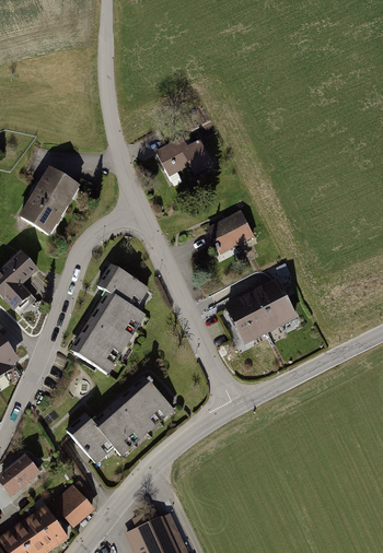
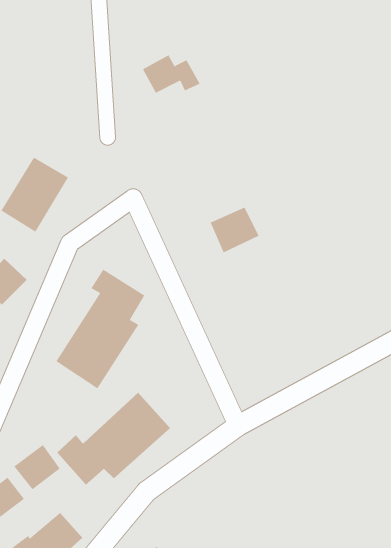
building: [156,137,209,172] -> [142,55,200,93]
building: [225,283,292,341] -> none
building: none -> [14,444,60,490]

